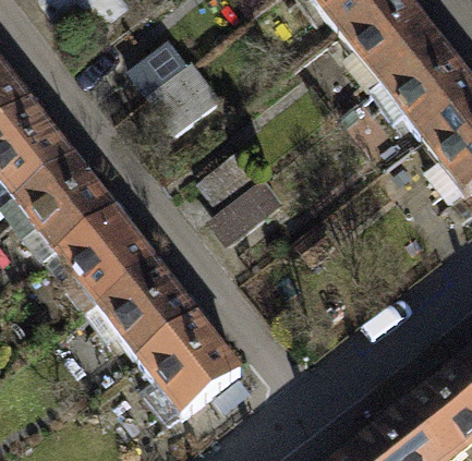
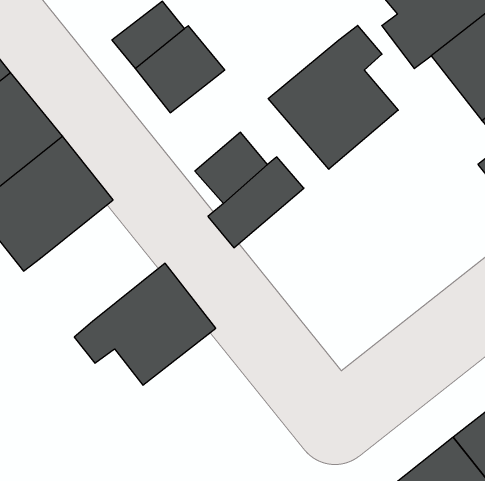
building: none -> [268,25,398,169]
building: [62,213,167,315] -> none
building: [146,320,253,436] -> none

